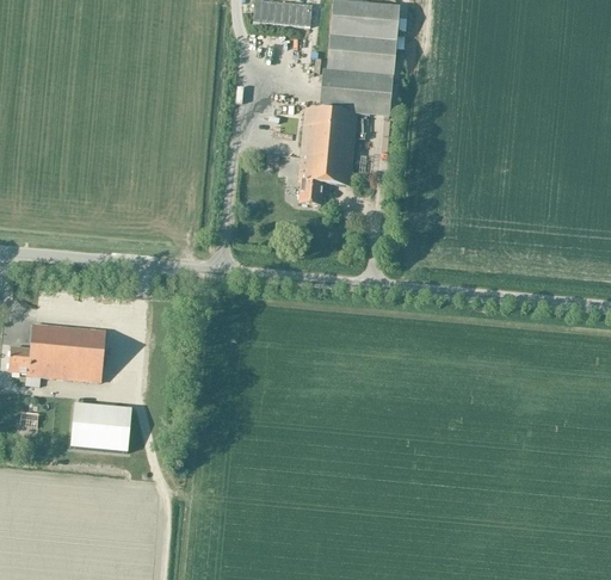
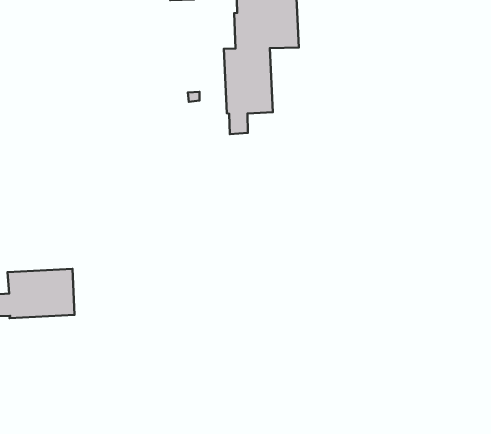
building: [72,402,132,450] -> none

